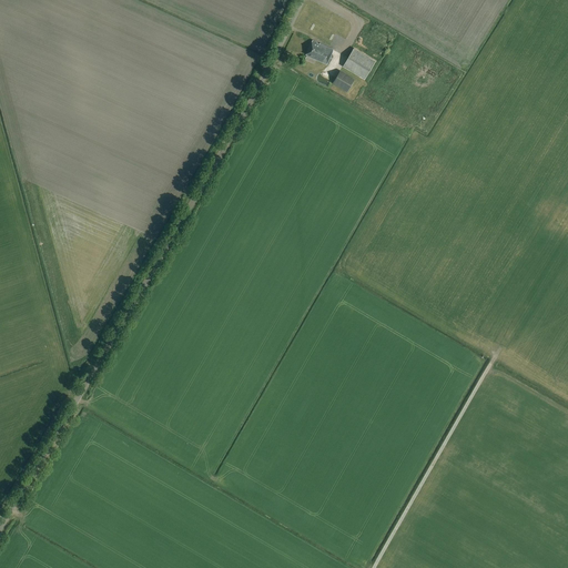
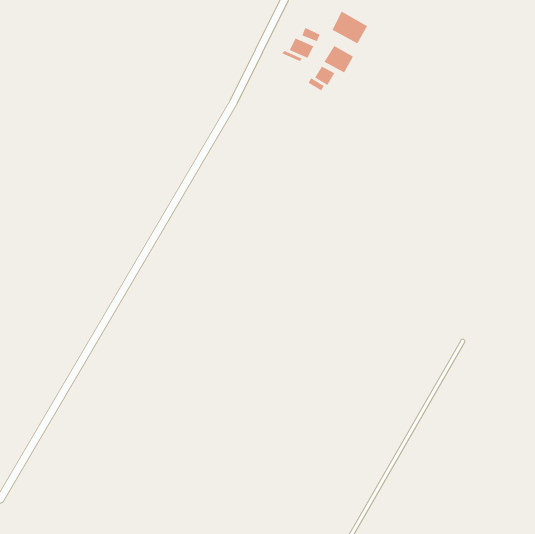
building: none -> [332,11,368,44]

